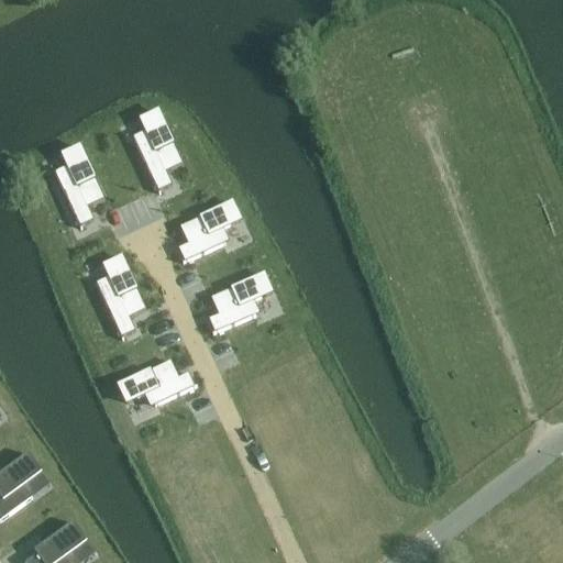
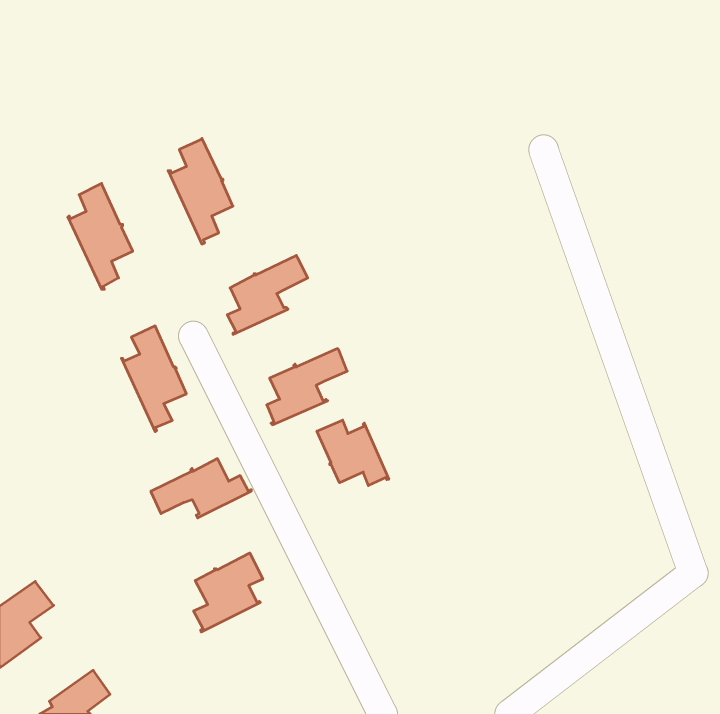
building: none -> [317,420,389,486]
building: none -> [194,553,263,632]

